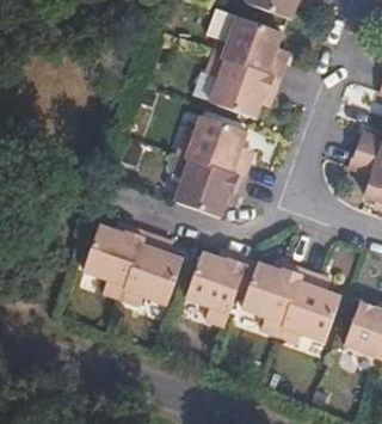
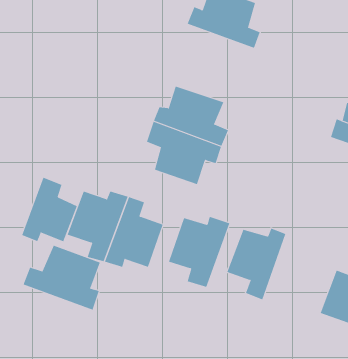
building: [199,53,275,117] -> none
building: none -> [22,177,78,242]
building: [283,268,340,345] -> none
building: none -> [23,245,101,311]

